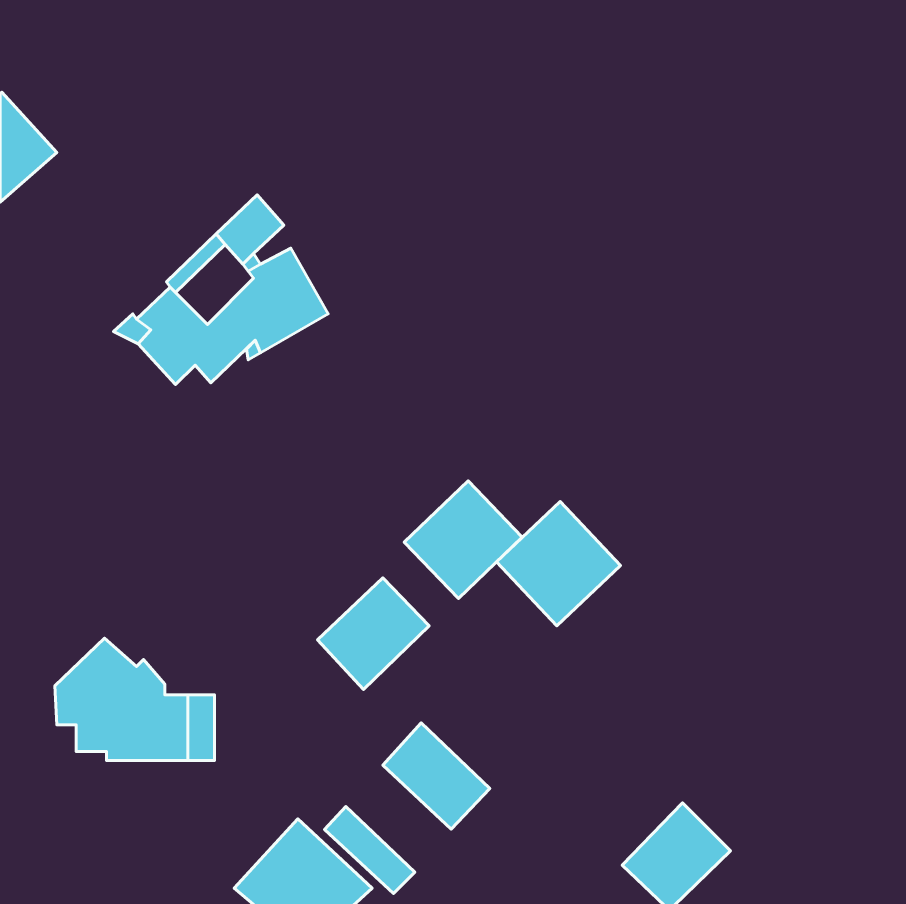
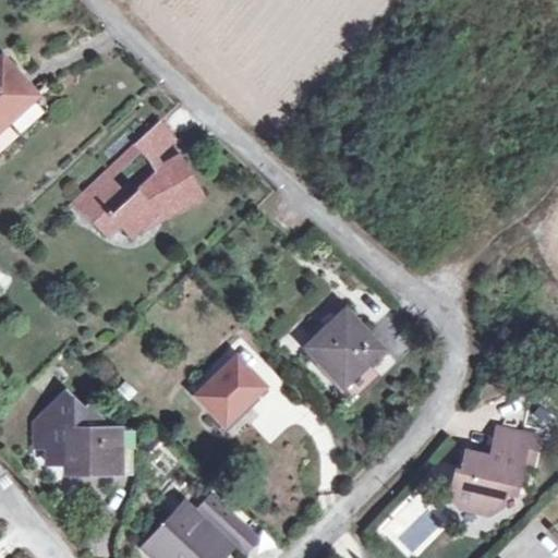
building: [404,481,522,598] -> none
building: none -> [450,430,530,514]
building: [383,723,490,829] -> none

